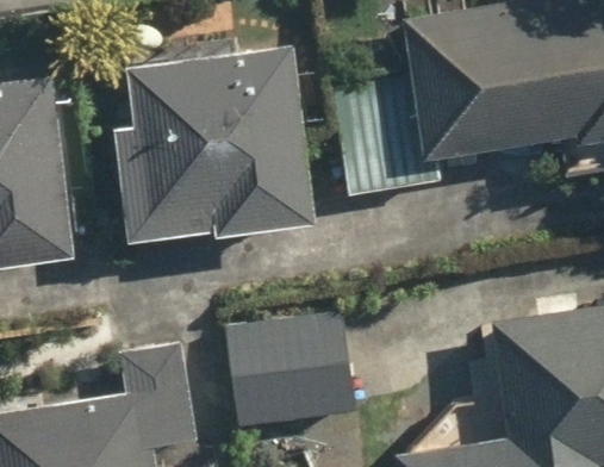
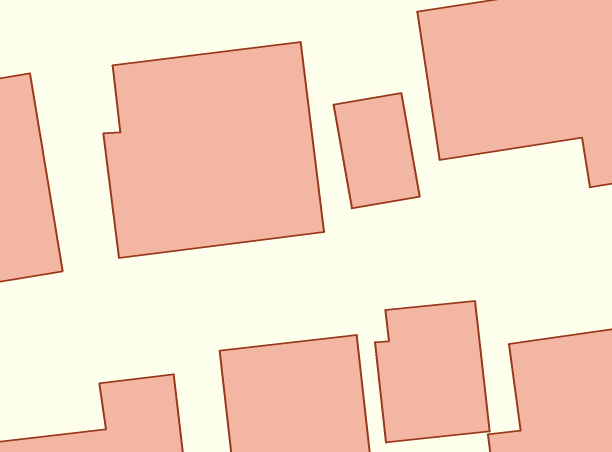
building: none -> [375,301,489,443]

